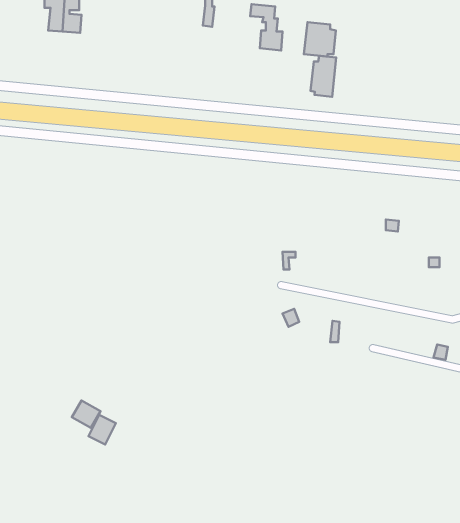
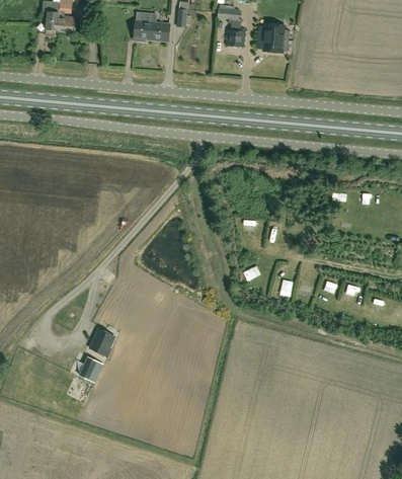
building: none -> [134,12,170,41]
building: [311,56,336,97] -> none
building: none -> [90,328,114,355]

